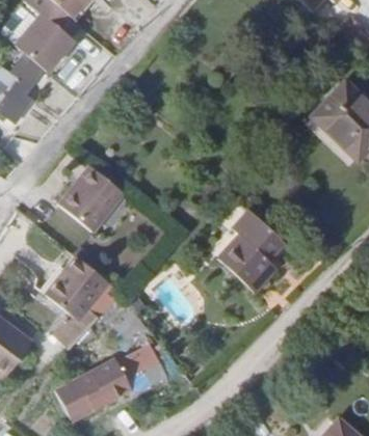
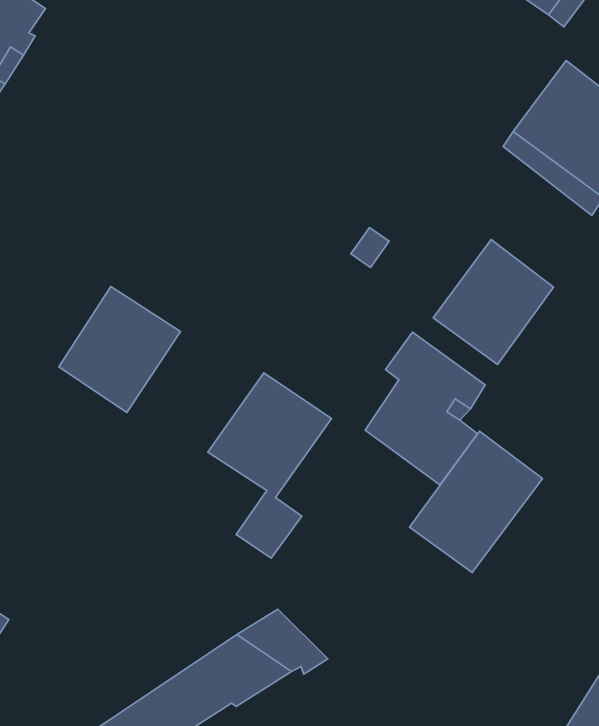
building: none -> [433,239,554,365]
building: [43,256,109,353] -> [208,373,332,558]
building: none -> [410,431,543,573]

